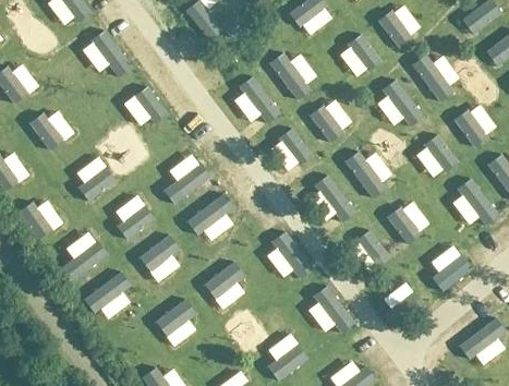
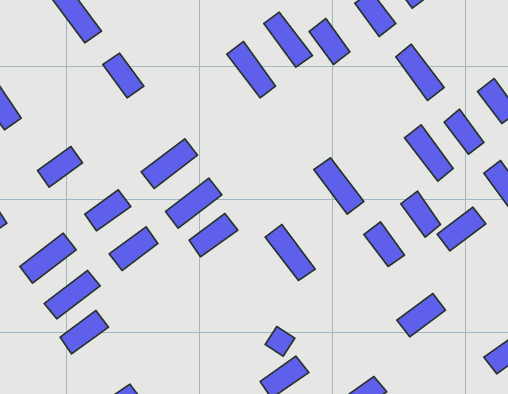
building: [410,53,451,101] -> none
building: [312,104,347,143] -> [309,19,350,65]
building: [278,128,313,166] -> none
building: [346,150,387,198] -> [405,125,453,181]
building: [432,254,473,291] -> [437,207,486,251]
building: [204,262,245,299] -> [189,213,238,257]
building: [313,286,354,334] -> none
building: [155,299,196,336] -> [60,310,109,354]

